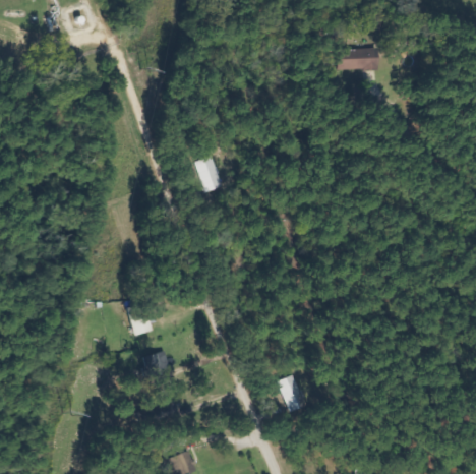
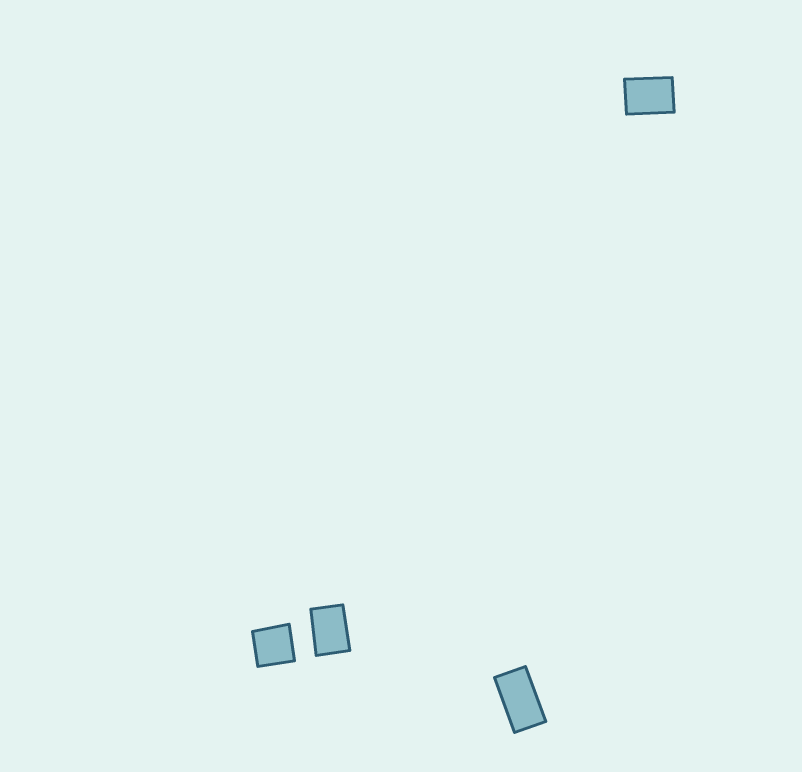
building: [196,157,222,192] -> none
building: none -> [311,605,350,656]

